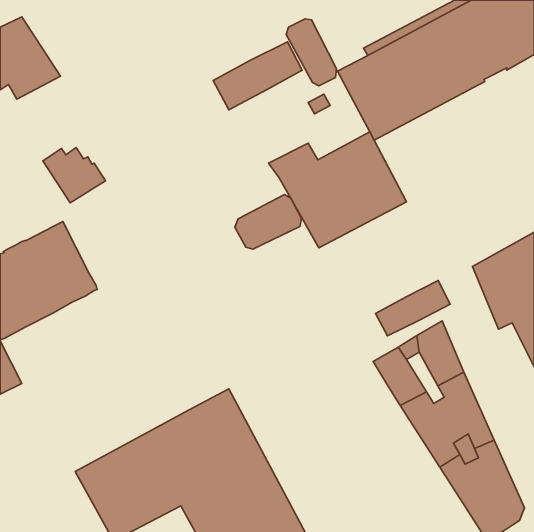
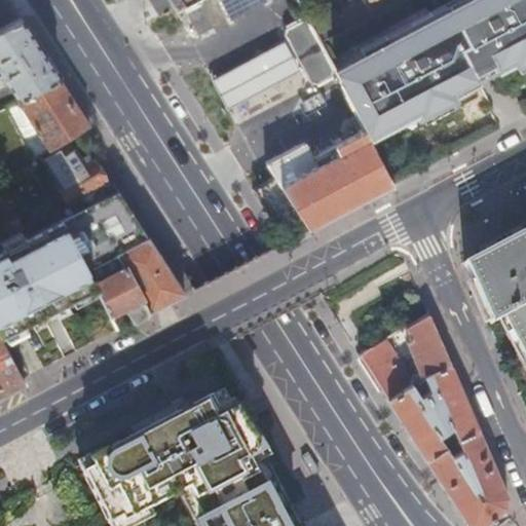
building: none -> [12,77,90,151]
building: none -> [62,191,184,322]
building: [235,194,301,249] -> none
building: [376,281,450,336] -> none

